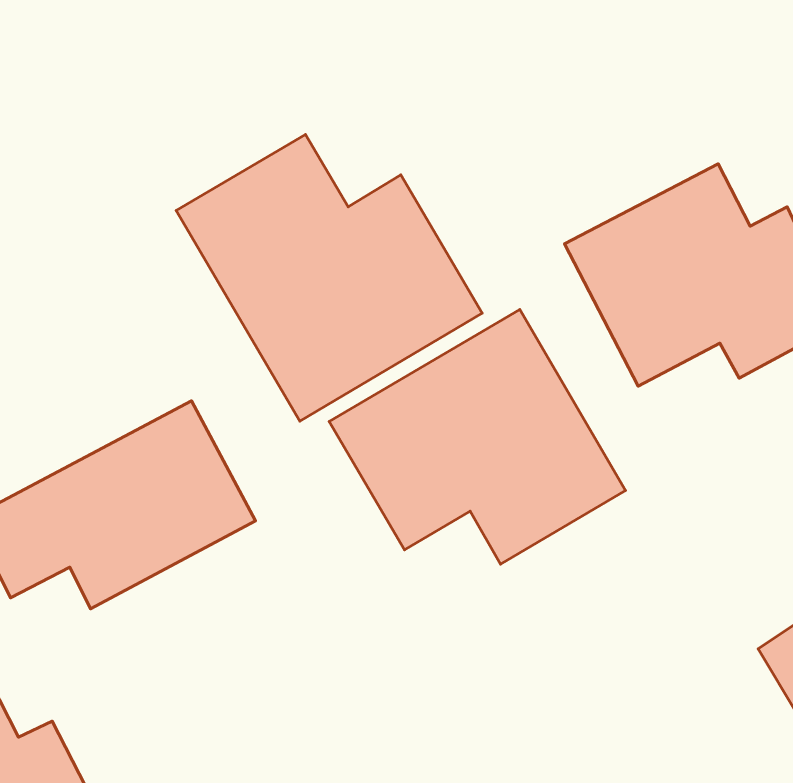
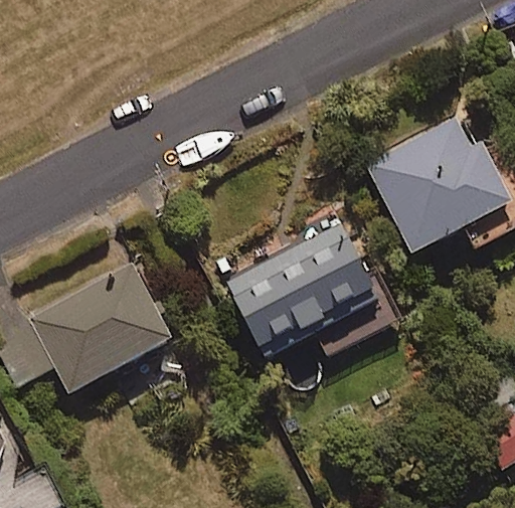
building: [176,134,482,421] -> none

